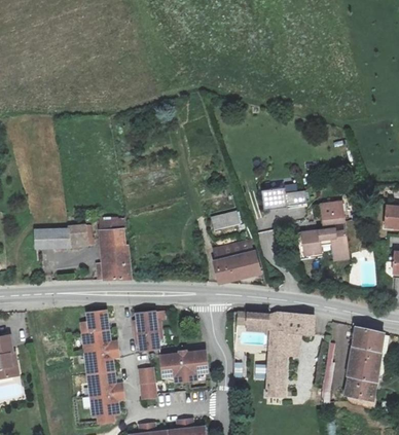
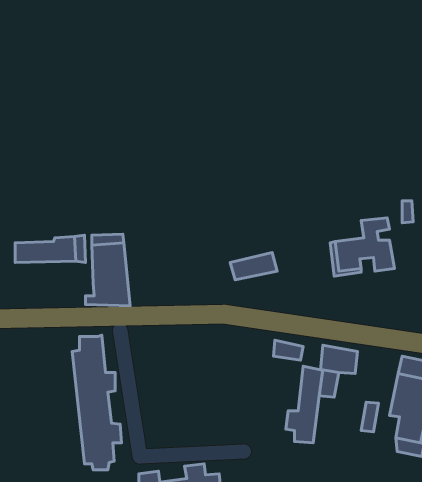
building: [260,187,305,208] -> none
building: [210,210,240,230] -> none
building: [215,256,259,281] -> none
building: [134,309,162,349] -> none
building: [139,348,208,398] -> none

